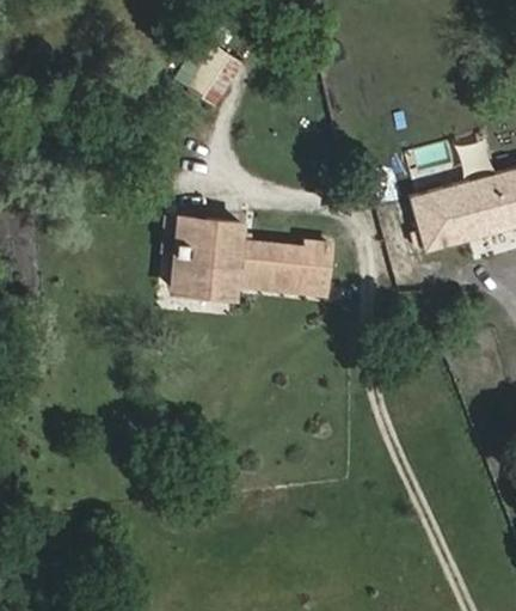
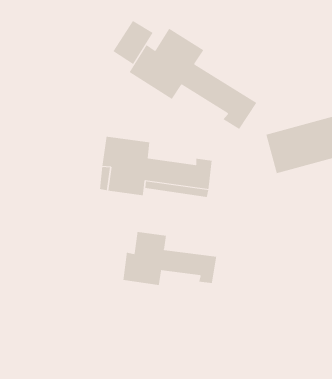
building: none -> [129,28,257,130]
building: none -> [123,231,217,286]

